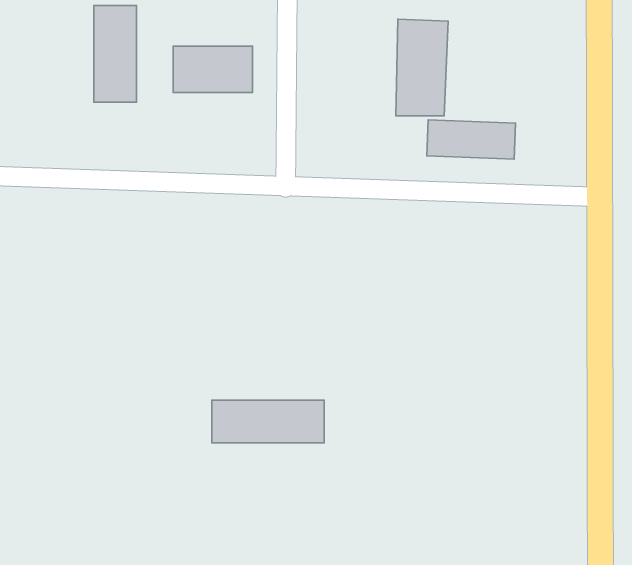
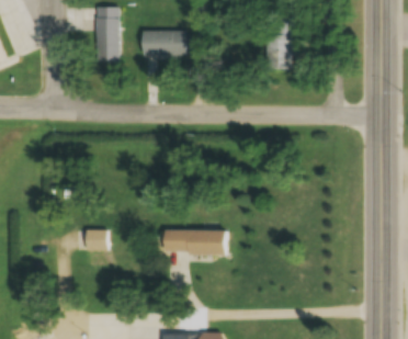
building: [427,120,515,159] -> none
building: none -> [83,230,105,251]

